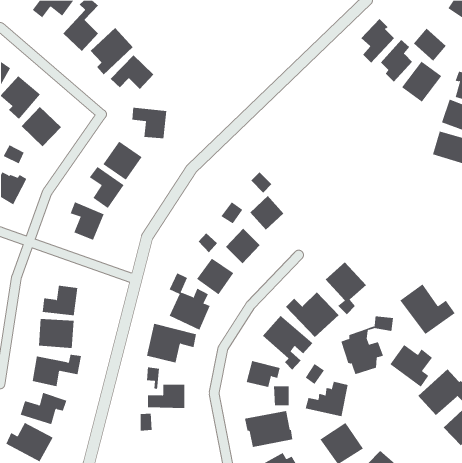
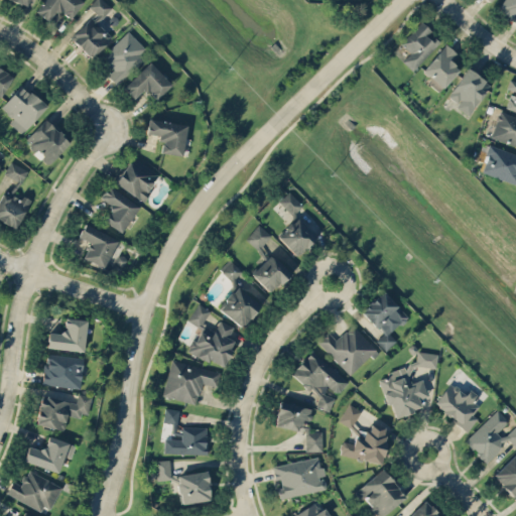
building: [413,28,446,61] -> none
building: [400,284,456,335] -> none
building: none -> [177,471,212,505]

